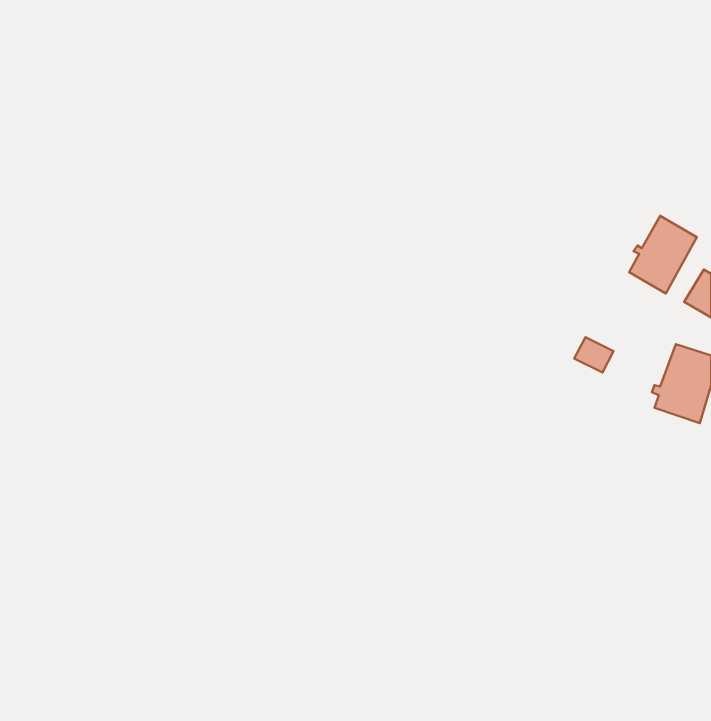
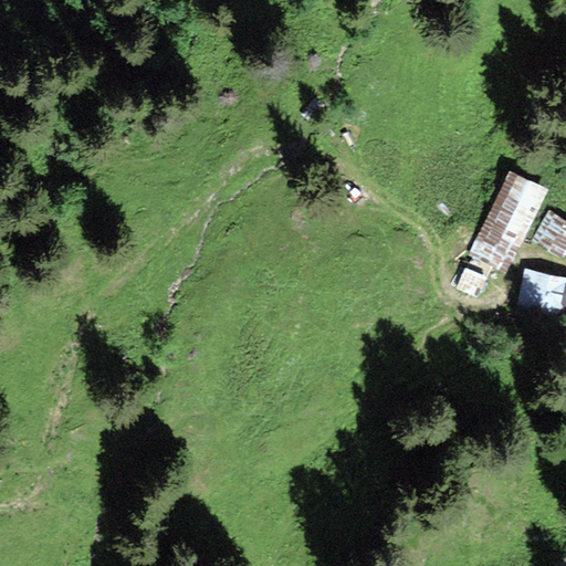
building: none -> [473,213,522,264]

